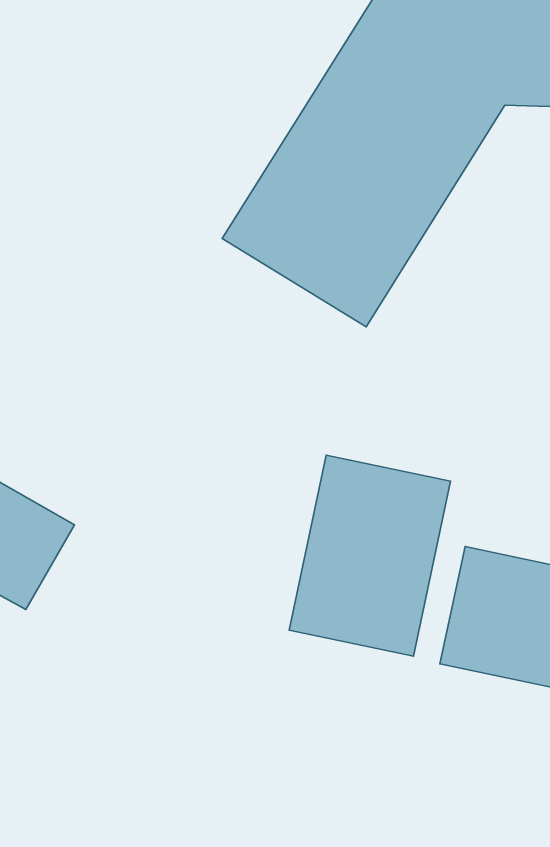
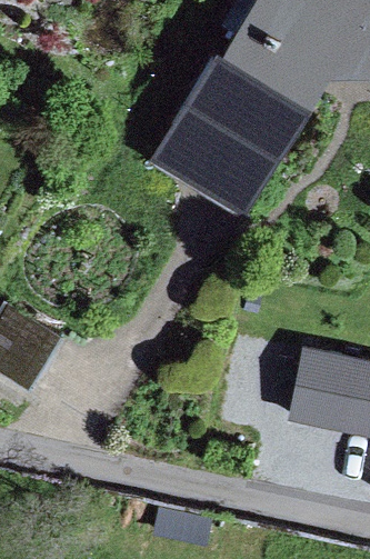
building: [289,455,450,656] -> none

